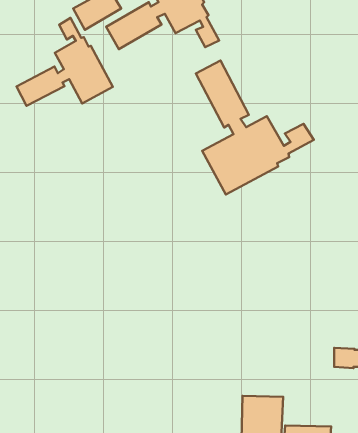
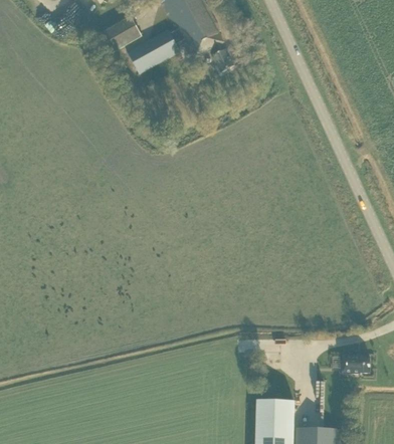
building: [16,18,113,106] -> none
building: [196,61,314,195] -> none

